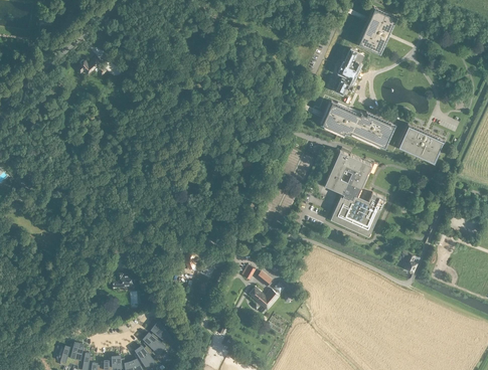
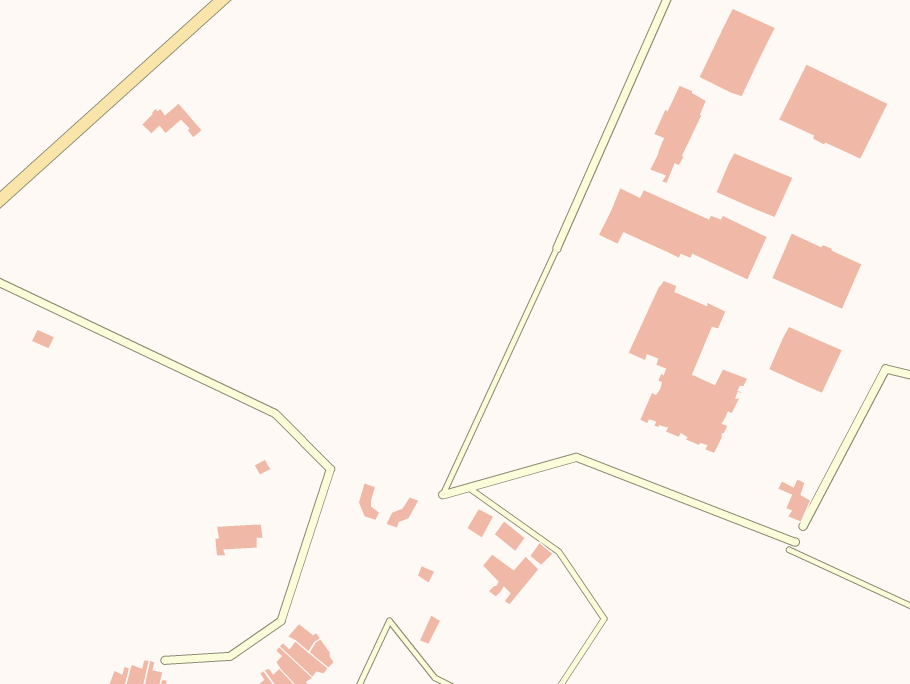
building: none -> [779,64,888,160]
building: none -> [716,152,793,218]
building: none -> [769,326,842,393]

